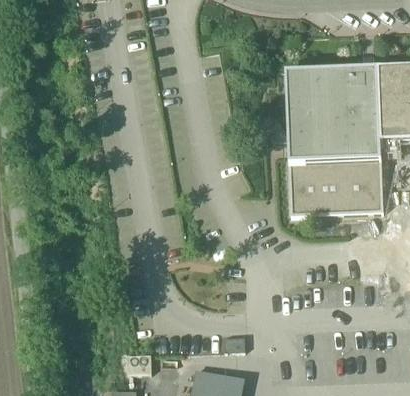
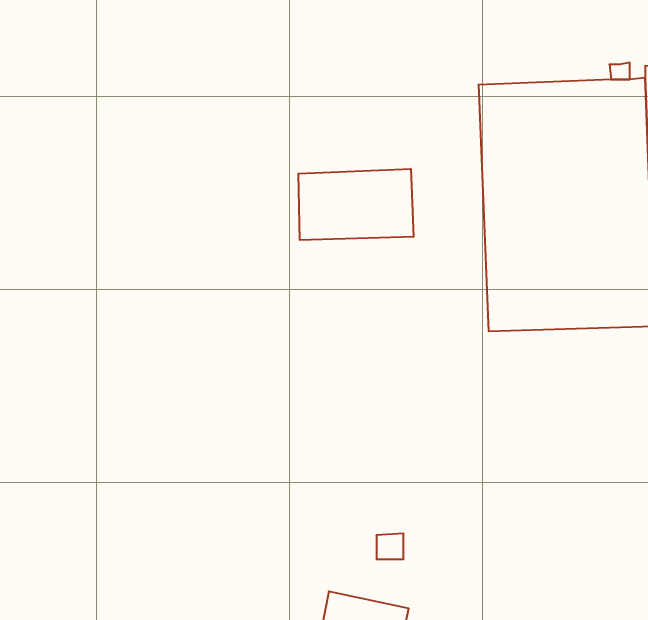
building: none -> [298,169,413,240]

